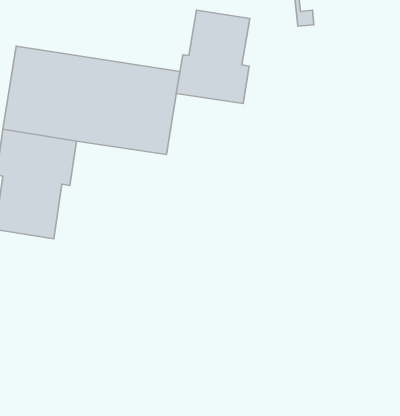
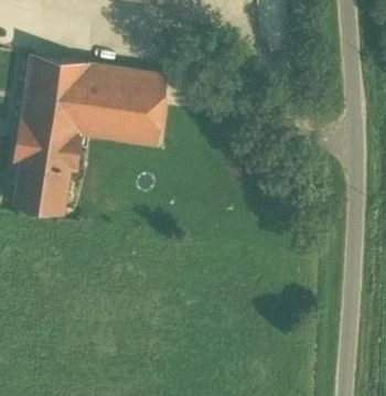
building: [176,10,250,103] -> none

